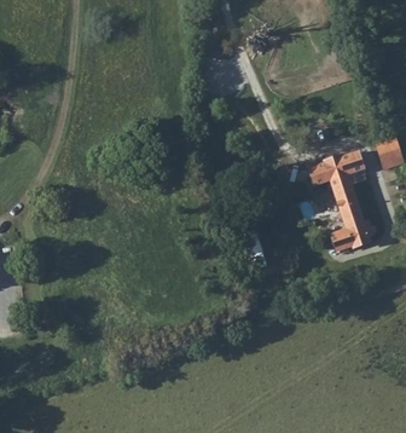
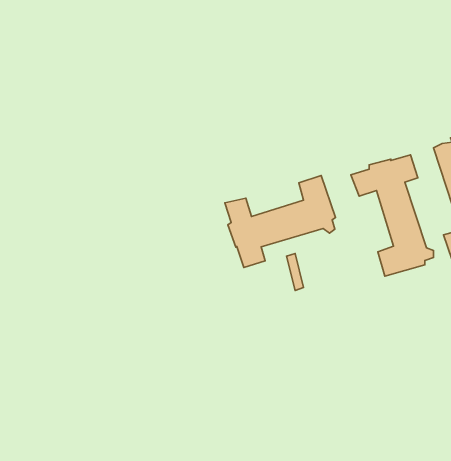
building: none -> [225,175,335,268]

